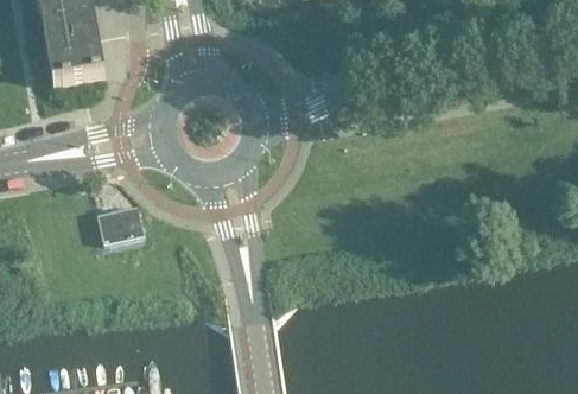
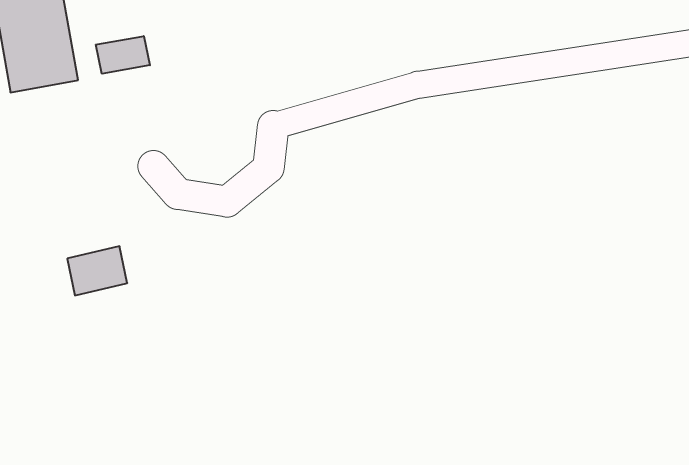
building: none -> [96,36,150,74]

